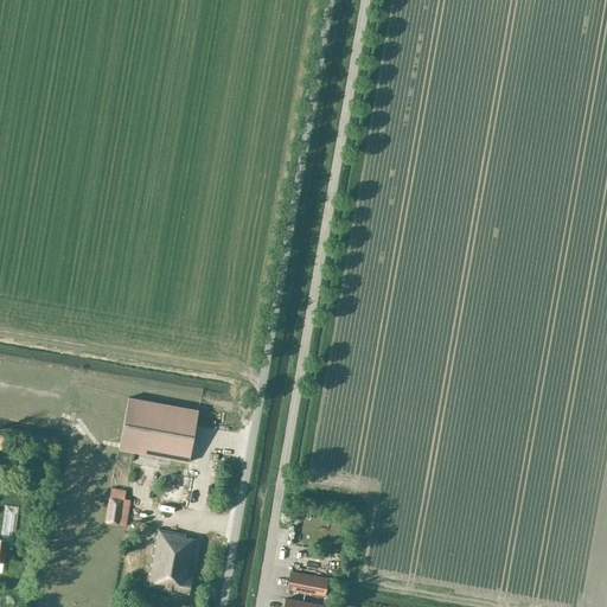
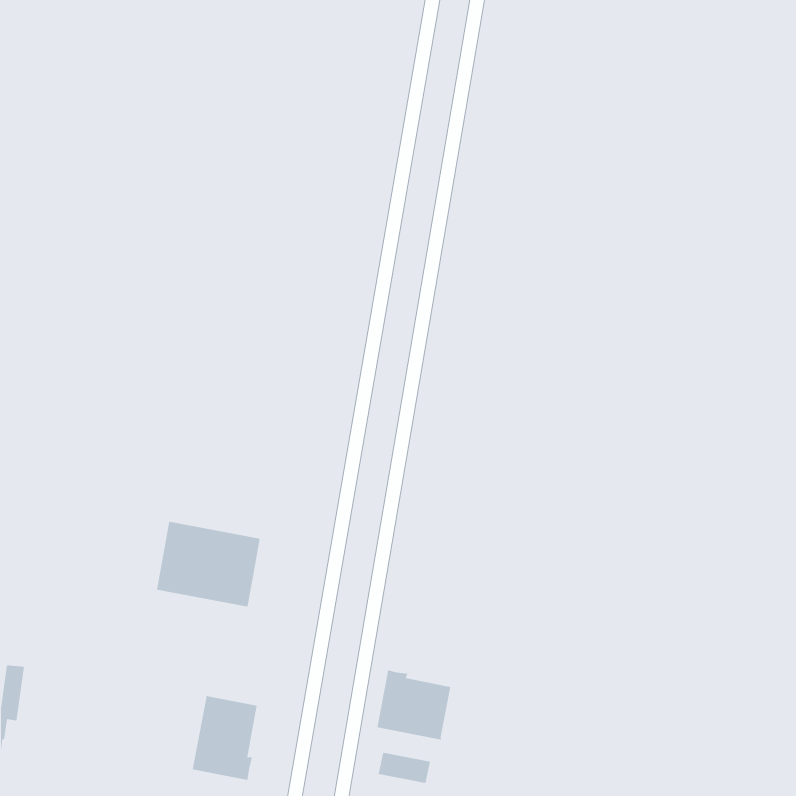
building: [106,487,132,525] -> none
building: none -> [377,669,451,740]

